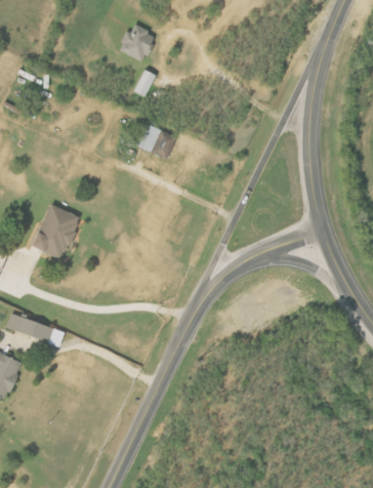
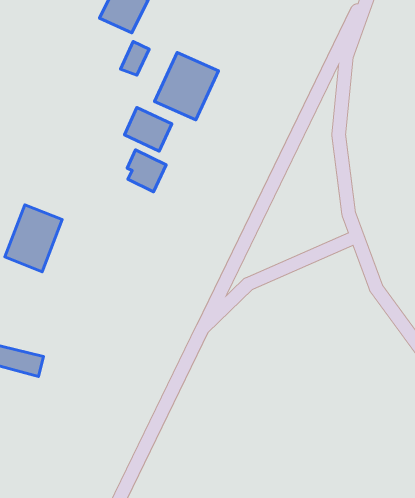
building: none -> [155,53,219,120]
building: none -> [127,150,166,192]

